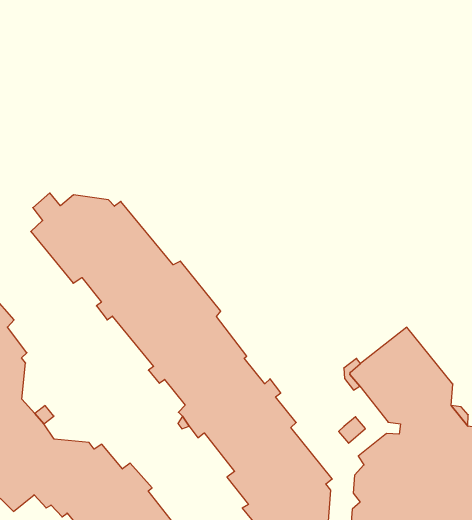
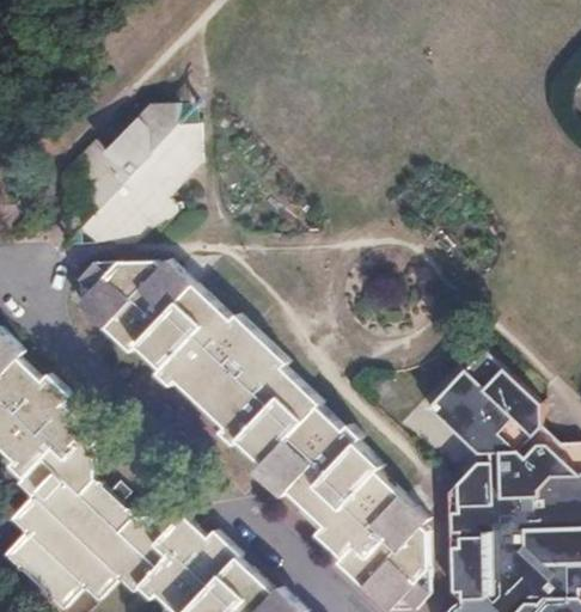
building: none -> [61,106,207,245]

